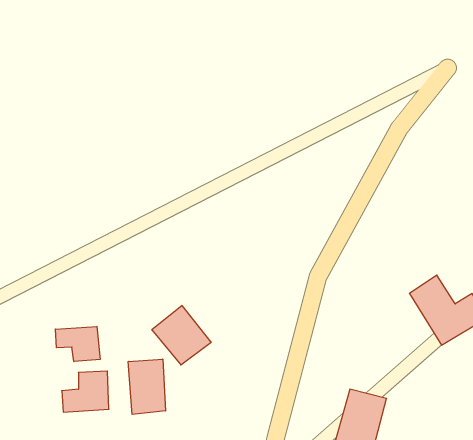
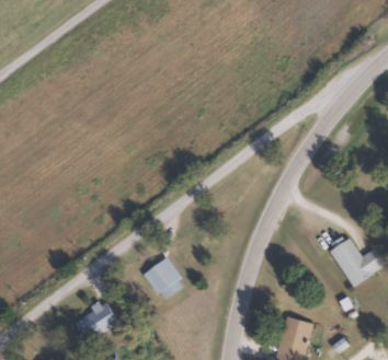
building: [55,326,100,362] -> none
building: [128,359,166,414] -> none

